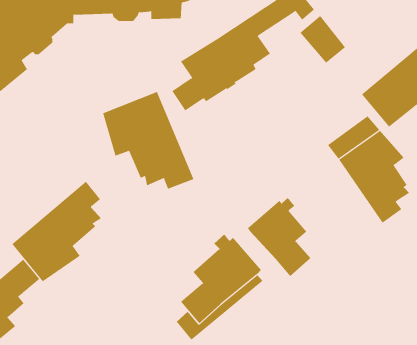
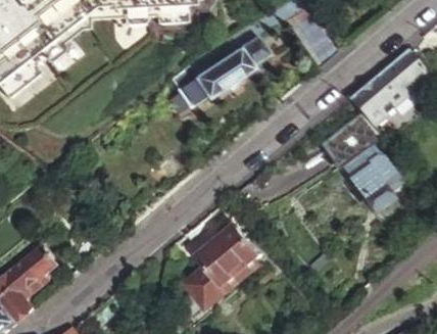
building: [102,91,194,190] -> none
building: [12,181,102,282] -> none
building: [247,197,311,277] -> none

